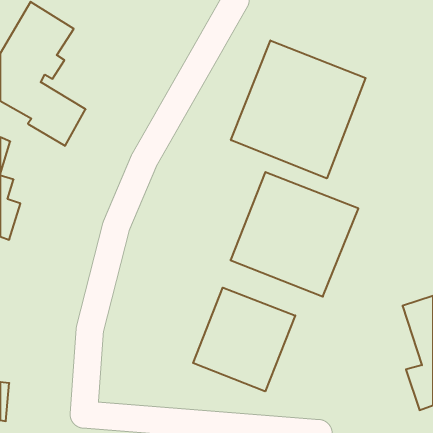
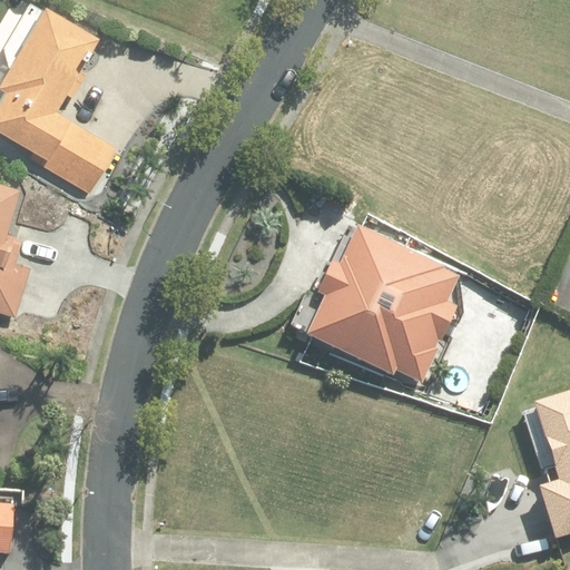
building: [231,40,366,178] -> none
building: [193,288,295,391] -> none

